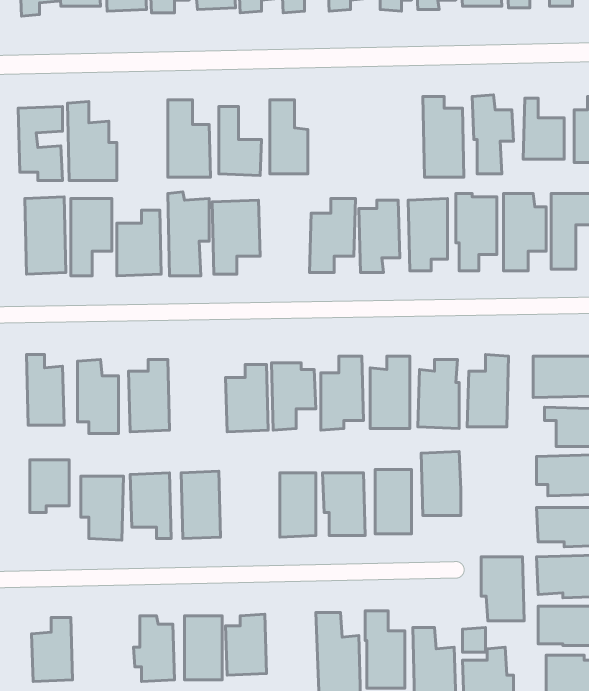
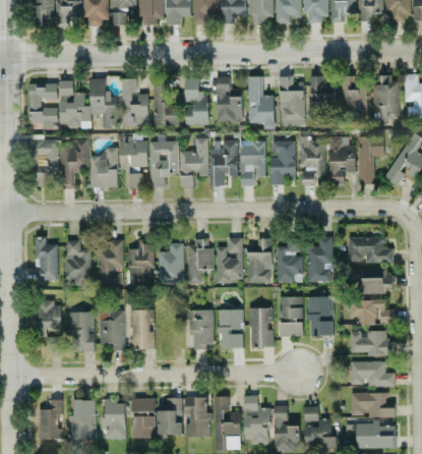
building: none -> [216,75,242,121]
building: none -> [248,75,274,129]
building: none -> [91,78,118,128]
building: none -> [180,137,208,186]
building: none -> [128,239,153,284]
building: [481,557,524,621] -> [307,296,334,336]
building: none -> [184,397,210,437]
building: none -> [70,399,96,439]

